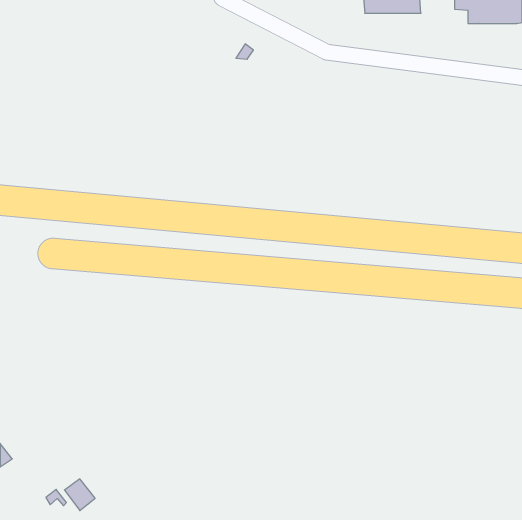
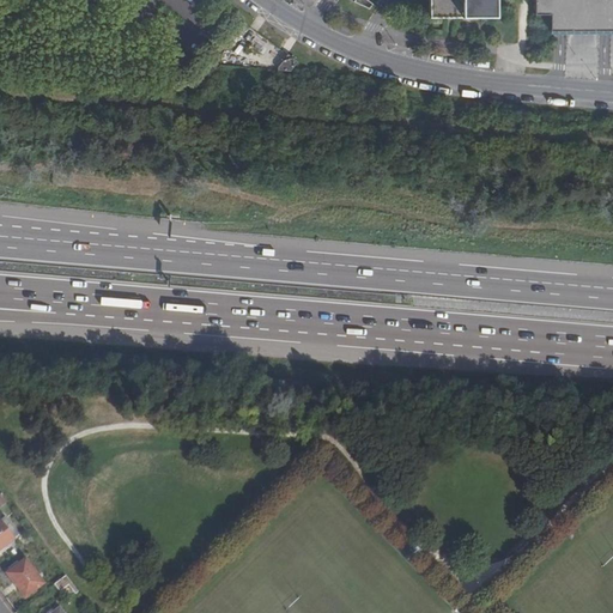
building: [64,479,95,511] -> [7,558,43,595]

